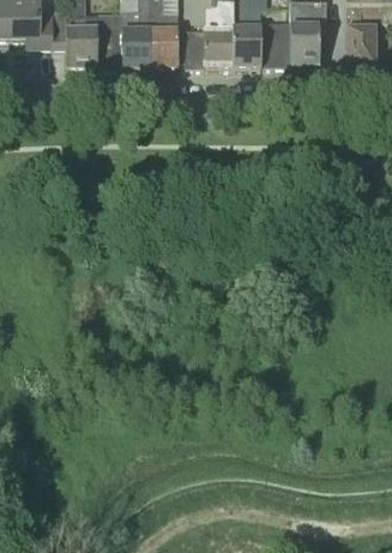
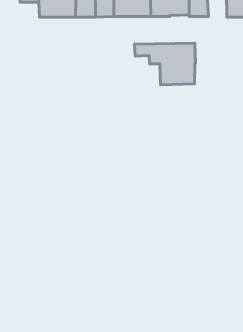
building: none -> [135,43,196,85]

